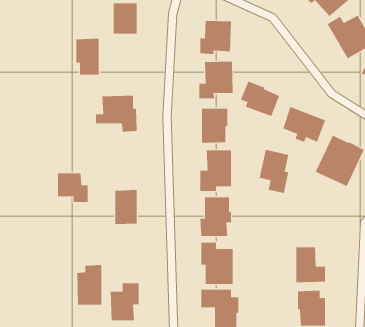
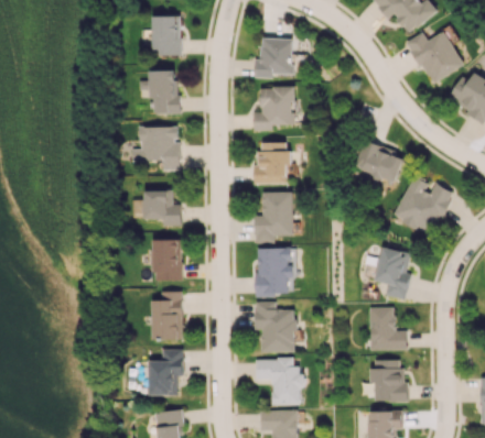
building: [75,38,99,75] -> [149,69,177,113]
building: [240,81,280,117] -> none
building: [259,149,289,194] -> [374,247,410,299]
building: [57,173,88,202] -> [143,190,181,226]
building: [76,265,102,305] -> [151,291,182,339]

